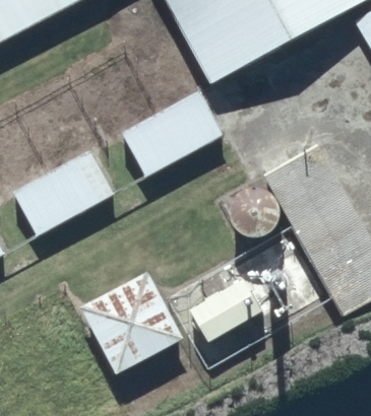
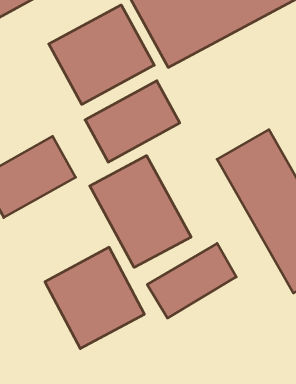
building: none -> [49,5,154,104]
building: none -> [90,156,191,267]

